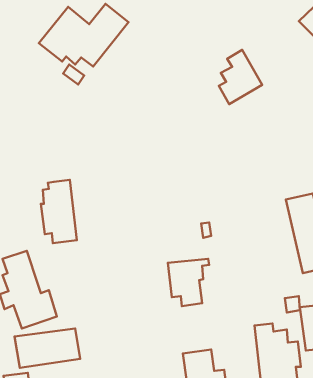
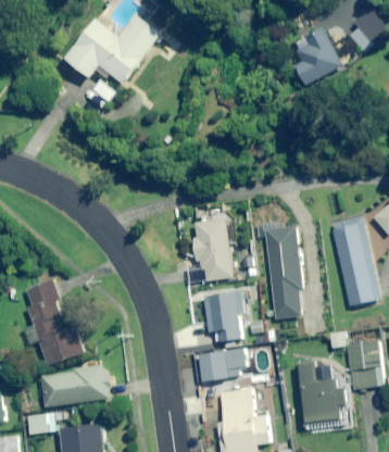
building: [219,50,262,104] -> [293,26,340,85]
building: [41,180,77,243] -> [192,212,231,280]
building: none -> [264,226,301,319]
building: none -> [198,351,237,381]

